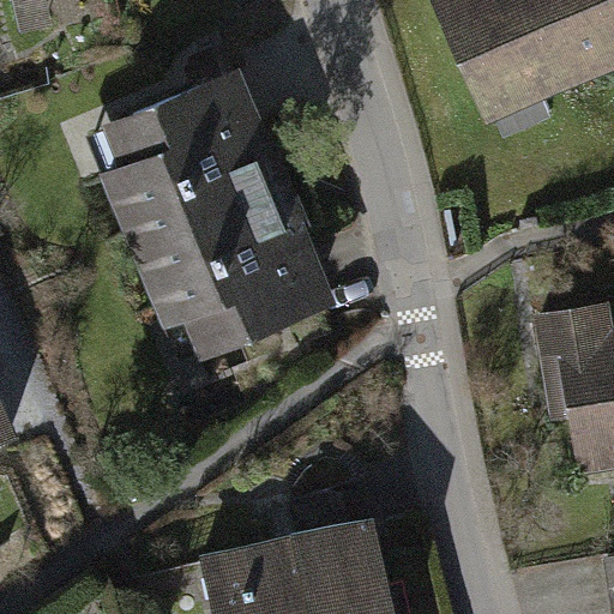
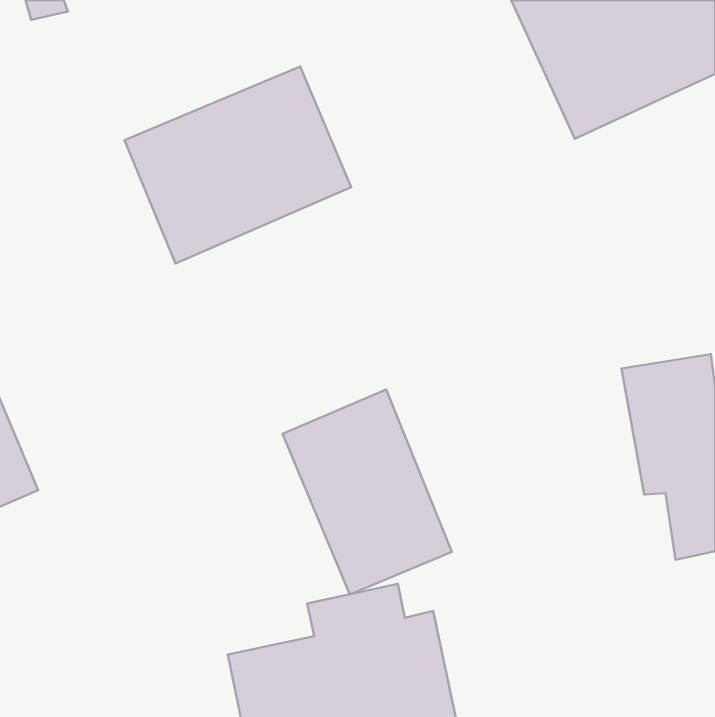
building: [149,164,349,350] -> none
building: none -> [282,389,452,594]

